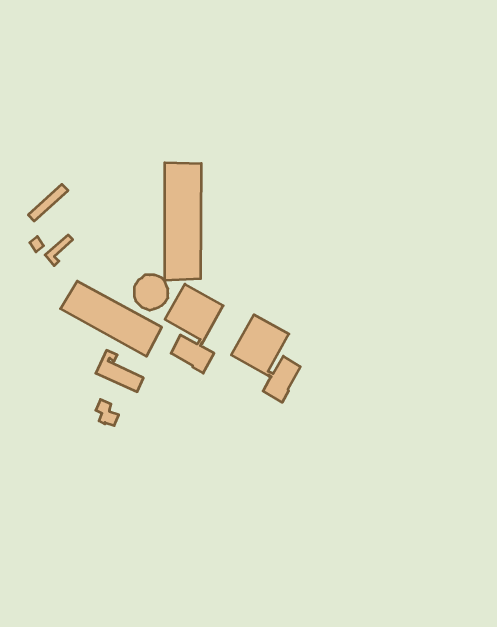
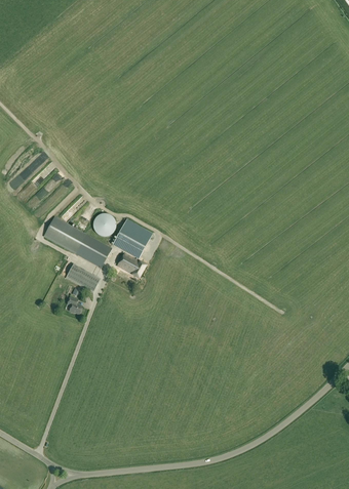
building: [165,163,201,280] -> none
building: [231,315,300,402] -> none

